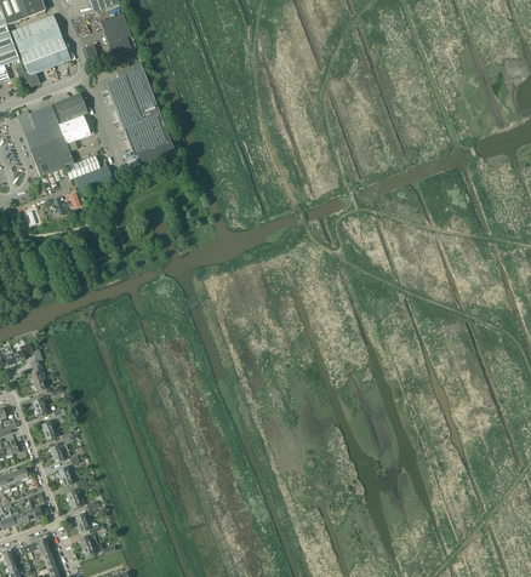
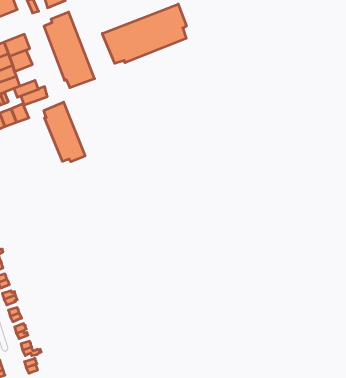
building: none -> [102,4,186,63]
building: none -> [44,102,85,162]

